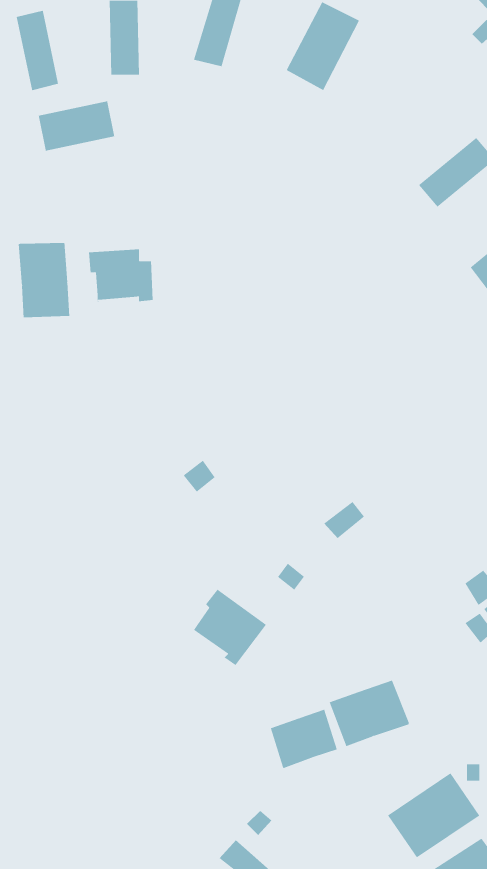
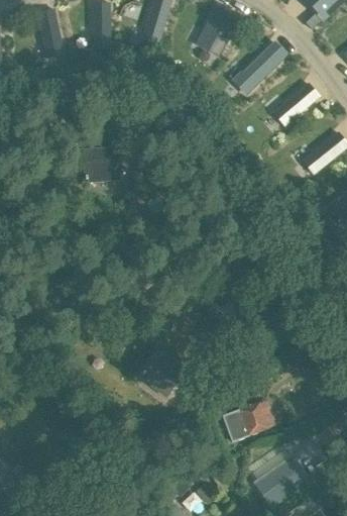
building: none -> [231,41,287,94]
building: [38,101,115,151] -> none
building: [18,242,70,318] -> none
building: [270,709,338,769] -> none

